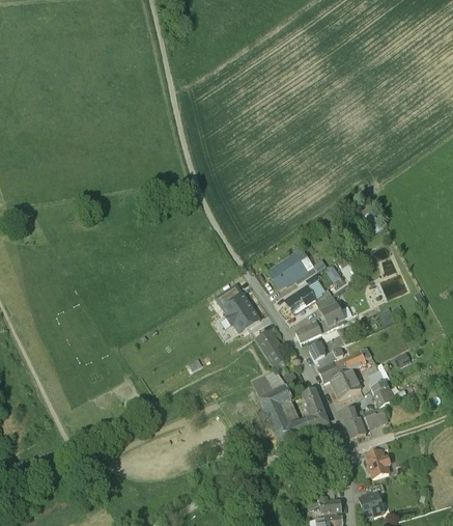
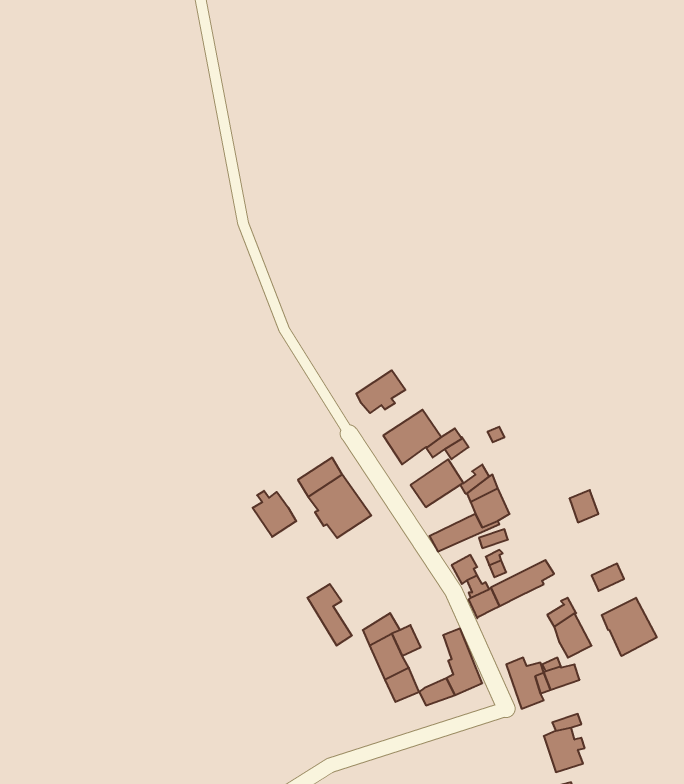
building: none -> [356,370,405,413]
building: none -> [253,491,296,537]
building: [256,329,283,366] -> [307,584,352,646]
building: [333,368,360,397] -> none
building: none -> [602,598,657,656]

